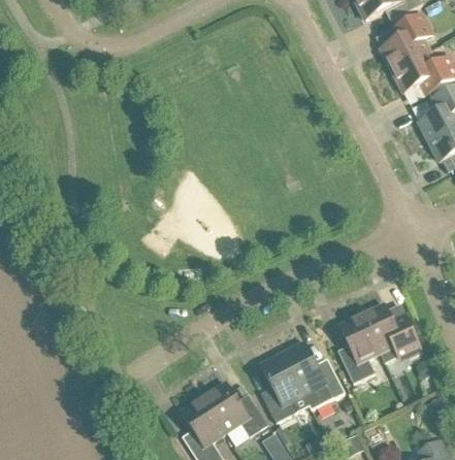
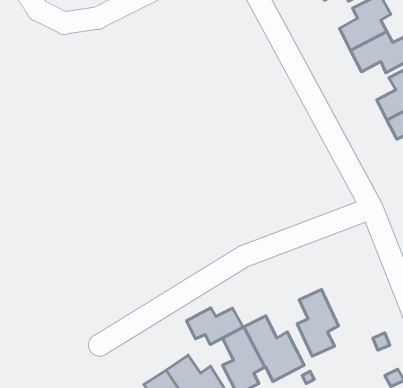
building: [361,303,421,356] -> none
building: none -> [187,308,243,344]

